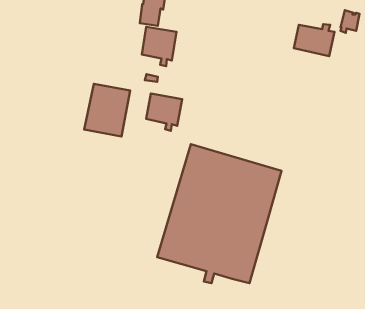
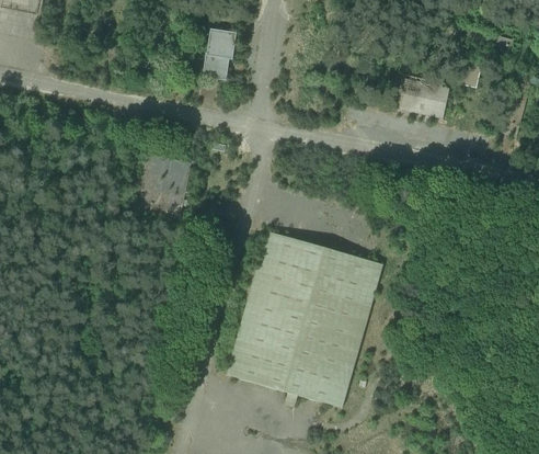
building: [142,27,177,66] -> none
building: [146,93,182,131] -> none

